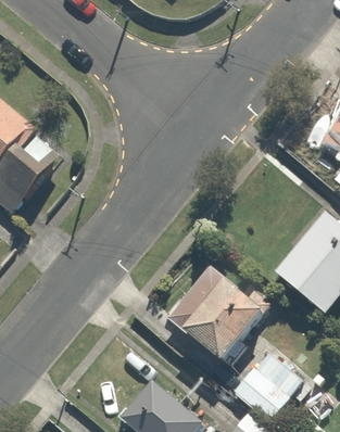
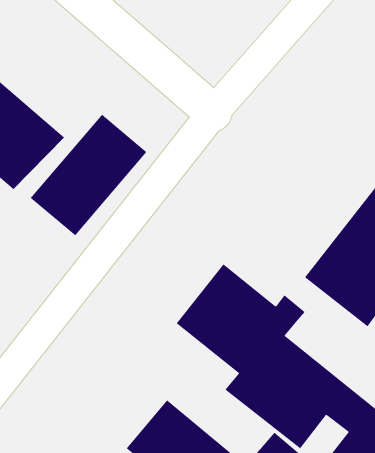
building: none -> [30,114,147,236]

